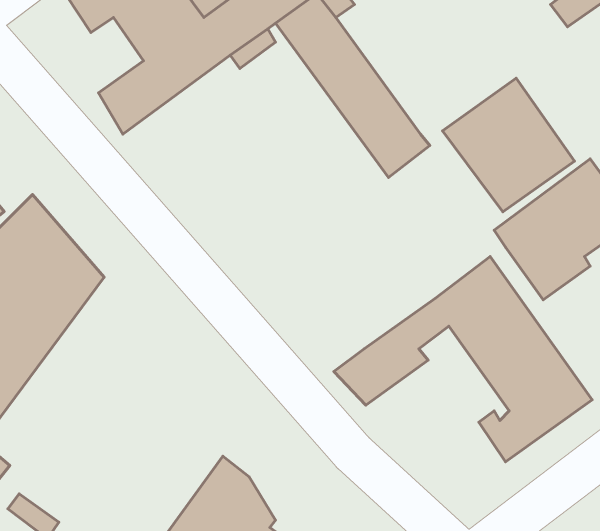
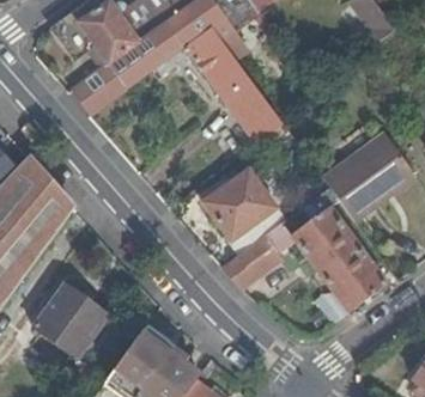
building: [443,78,575,212] -> [202,167,286,252]
building: none -> [35,283,108,358]

